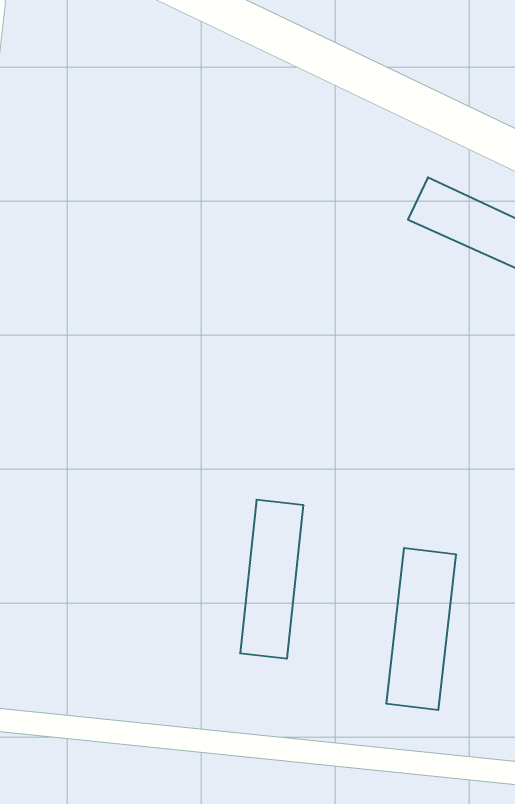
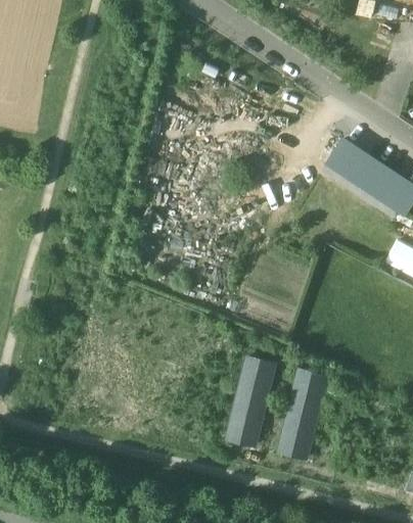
building: [240,500,304,659] -> [225,348,275,445]

